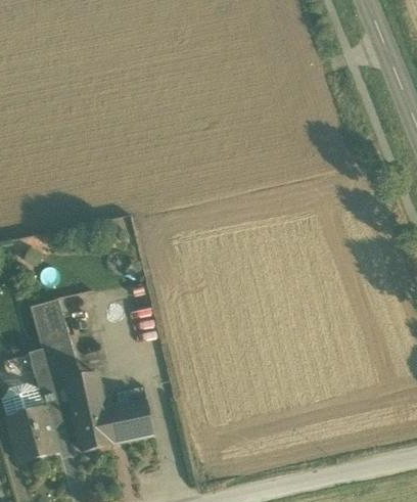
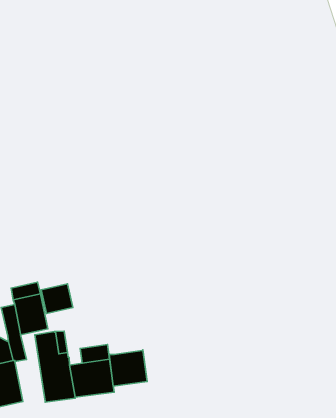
building: [31,298,65,330] -> [41,284,73,313]
building: none -> [109,350,147,386]

